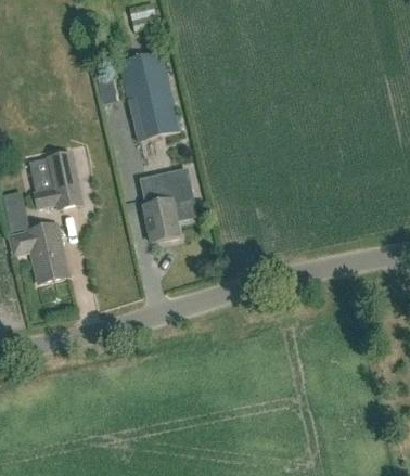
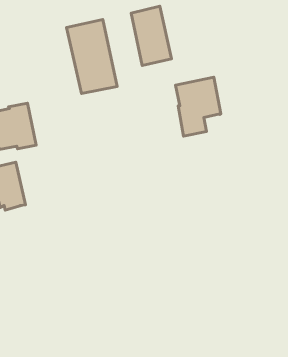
building: none -> [131,6,172,65]
building: [140,169,195,241] -> [175,77,221,136]

